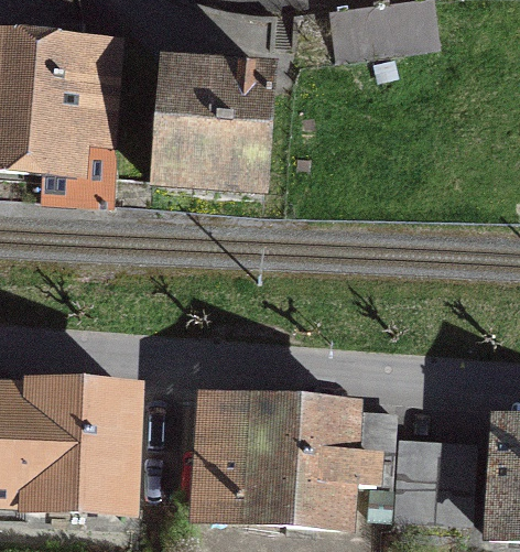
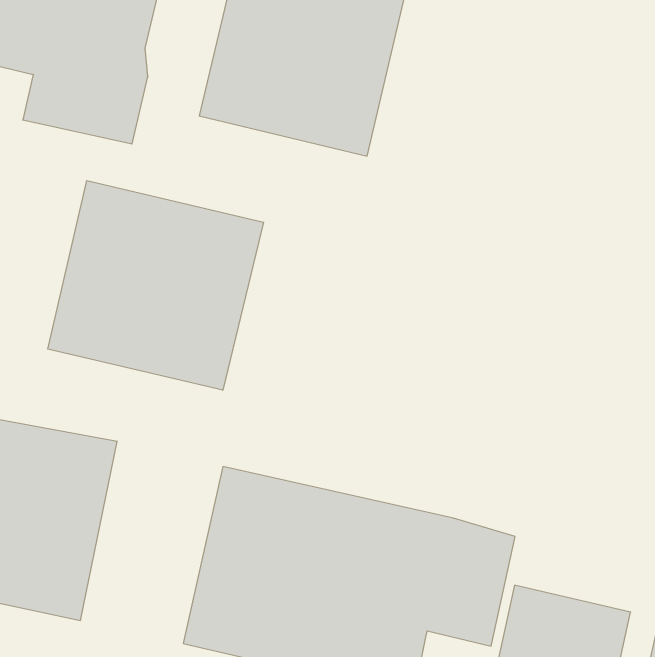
building: none -> [48,181,264,390]

